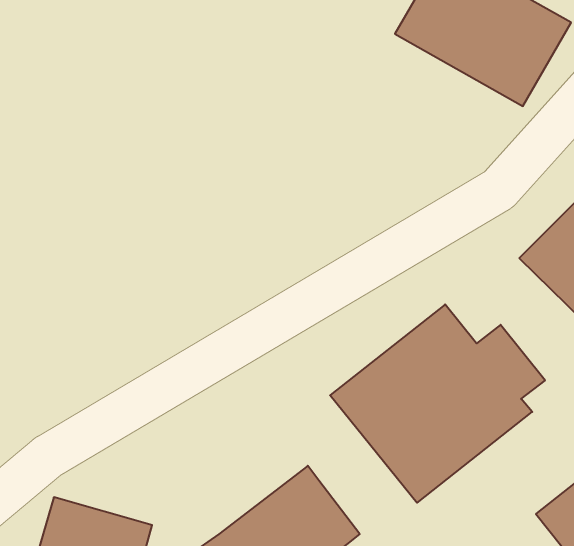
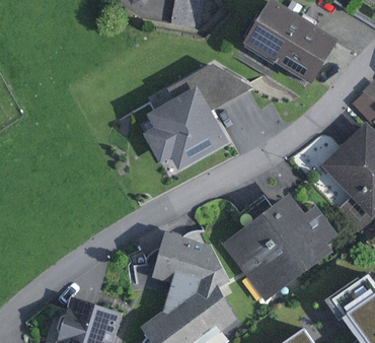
building: none -> [149,85,237,174]
building: none -> [146,231,225,319]

